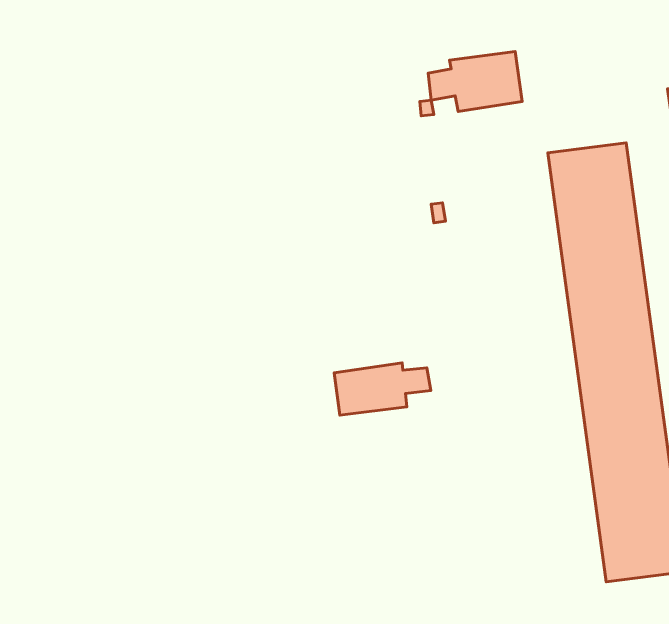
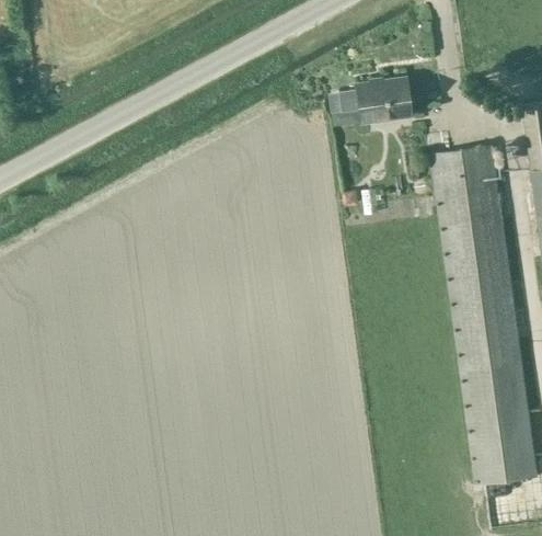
building: [334,363,431,415] -> none

